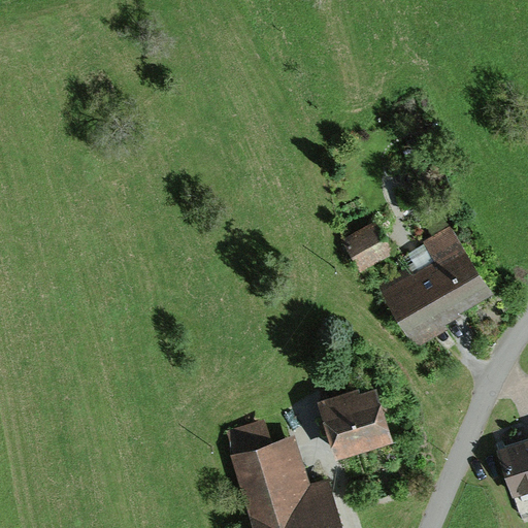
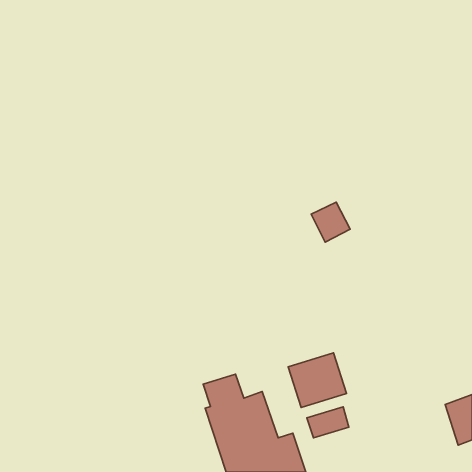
building: [383,225,492,349] -> none
building: none -> [307,407,349,438]

